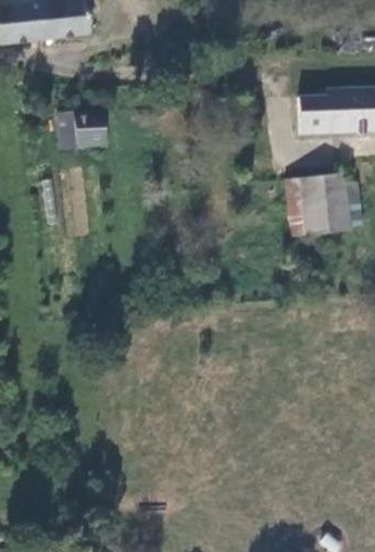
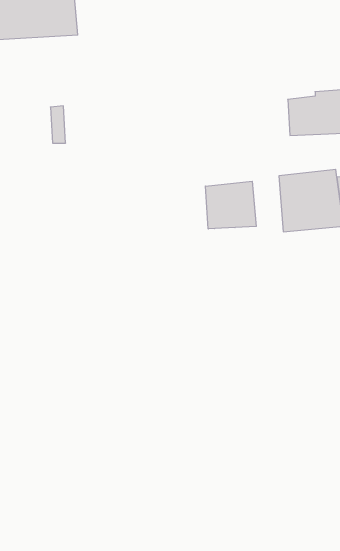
building: [74,105,103,145] -> none
building: none -> [205,181,256,229]

